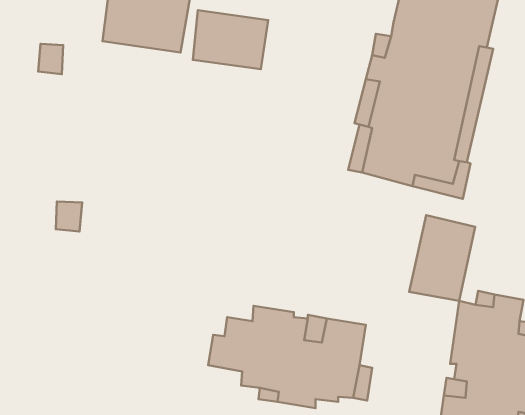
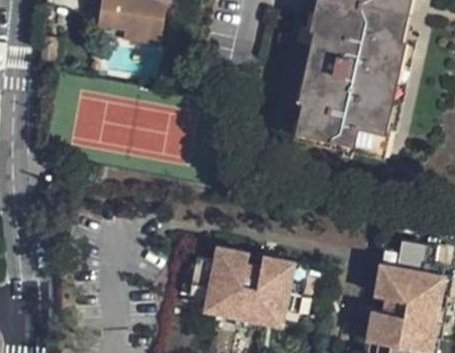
building: [193,10,268,69] -> none
building: [409,215,475,301] -> none

